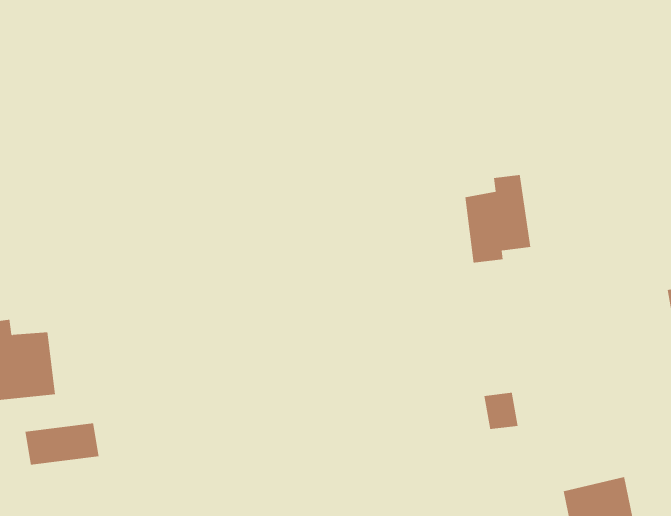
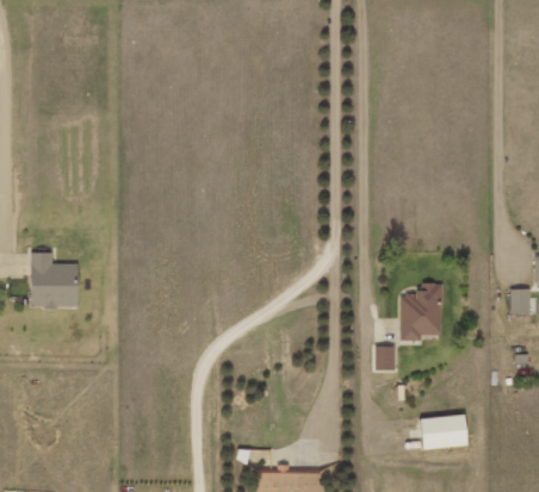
building: [465,174,531,263] -> [399,284,441,341]
building: [25,423,99,465] -> none

